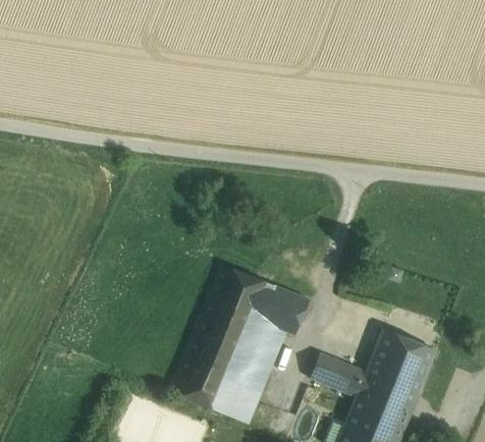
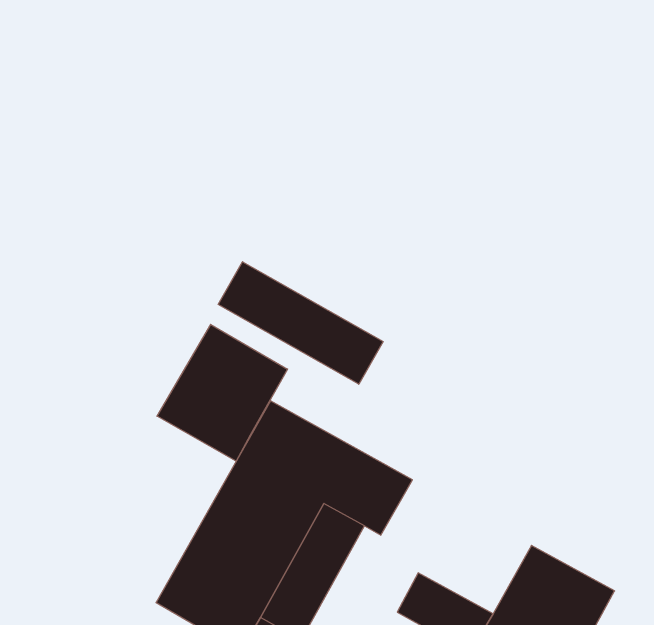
building: none -> [218,262,383,384]
building: none -> [157,324,288,461]

